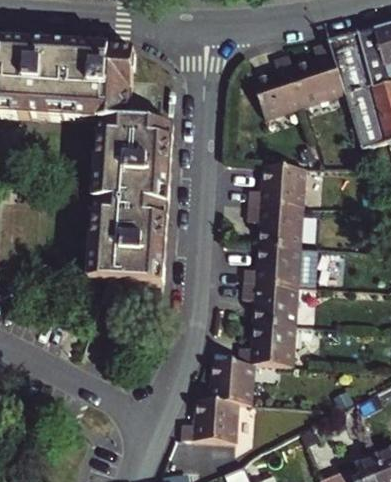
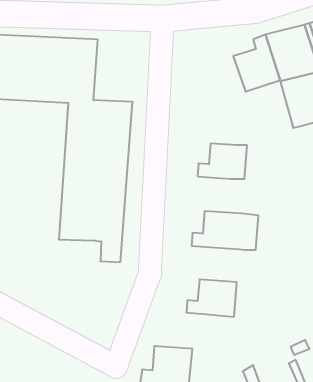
building: [249,54,304,121] -> none
building: [248,205,303,248] -> none
building: [241,285,296,327] -> none
building: [199,361,258,405] -> none

